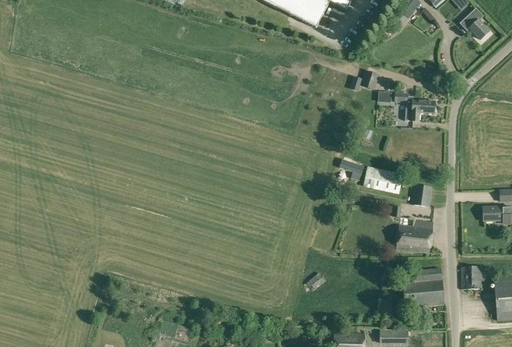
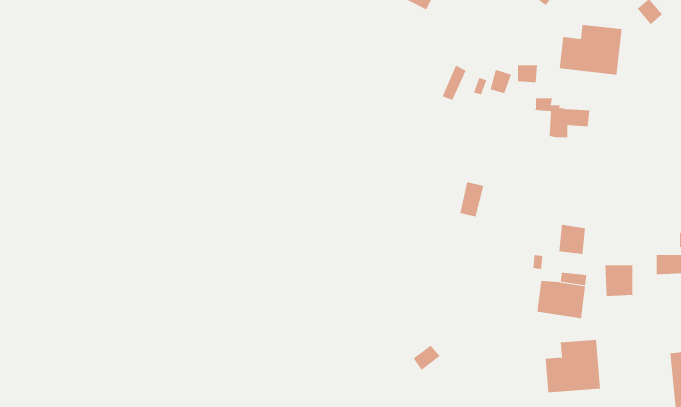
building: none -> [559,24,622,75]
building: [364,165,404,194] -> none
building: [460,265,481,288] -> [604,265,633,296]

